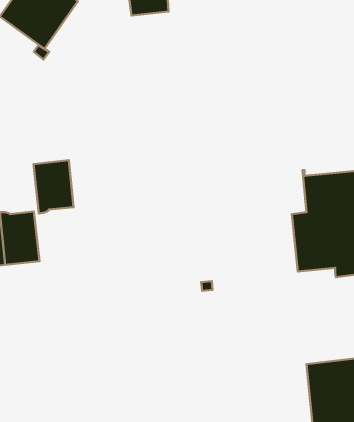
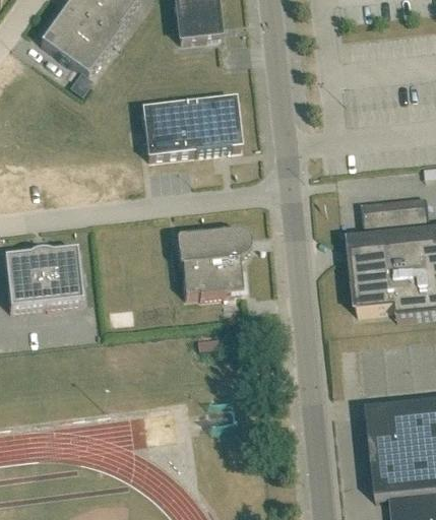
building: none -> [142,94,240,153]
building: [33,160,74,214] -> none
building: none -> [176,228,251,294]

